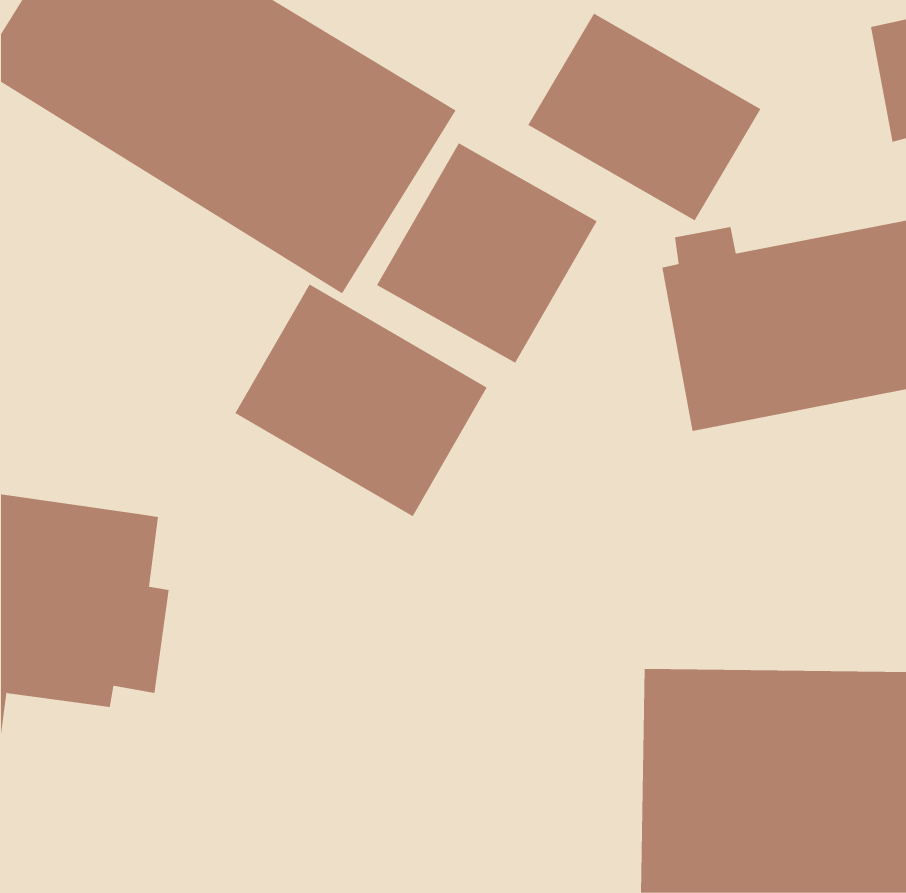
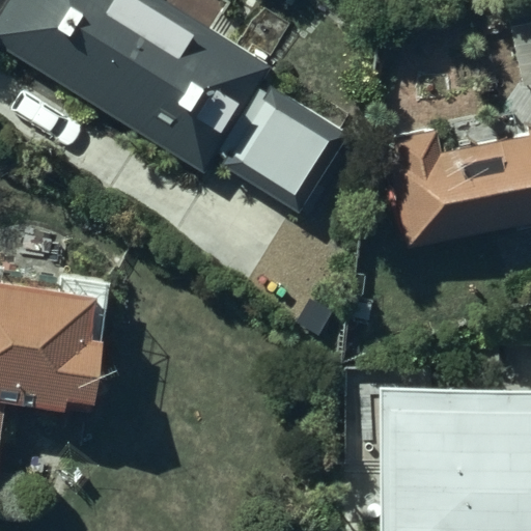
building: [528,13,761,221] -> none
building: [235,283,487,517] -> none

